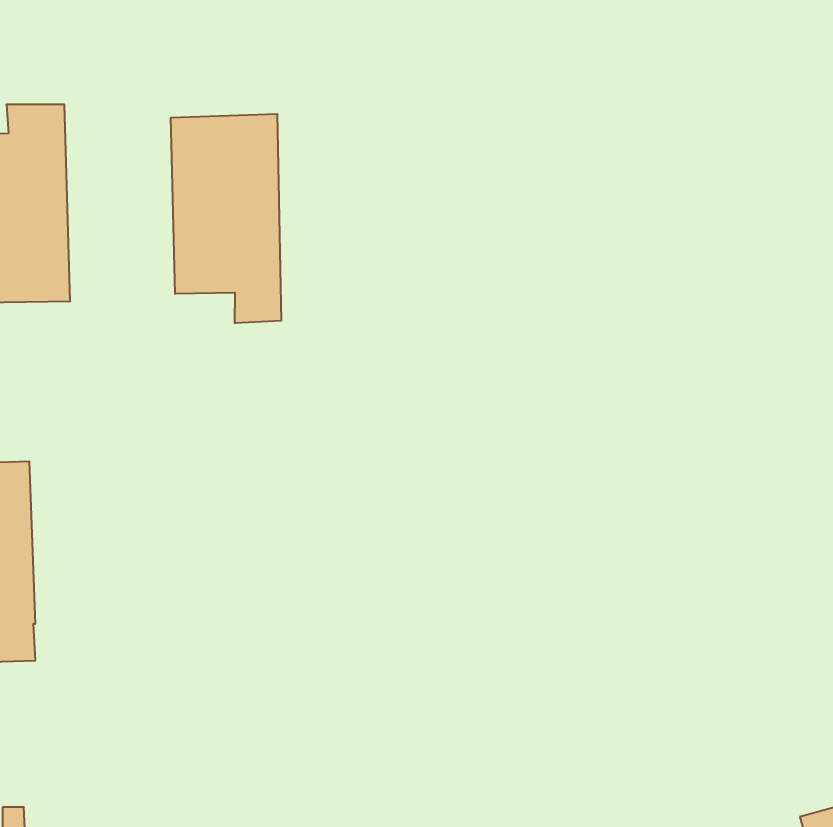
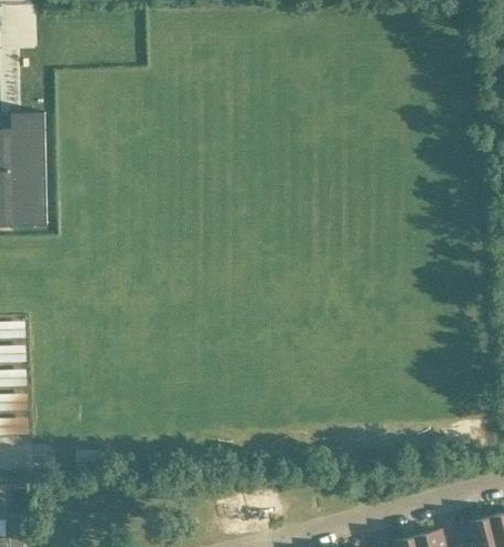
building: [171,114,281,323] -> none

